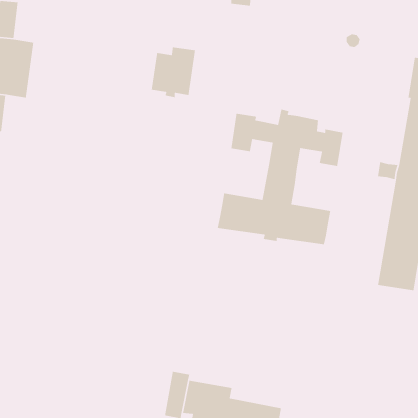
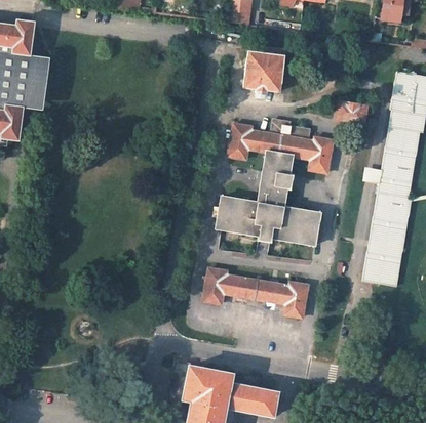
building: [151,47,196,98] -> [243,46,284,93]
building: none -> [335,100,366,124]
building: none -> [203,267,307,316]

